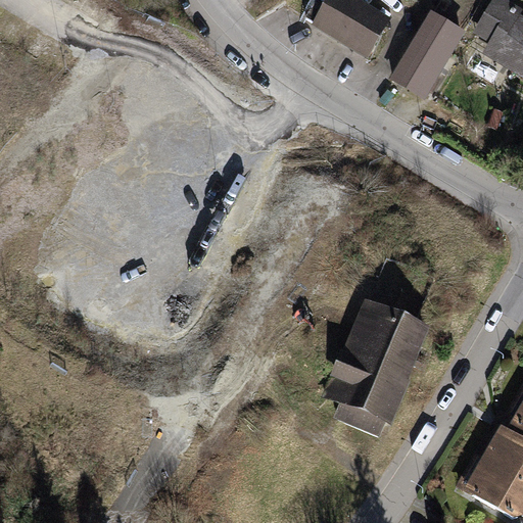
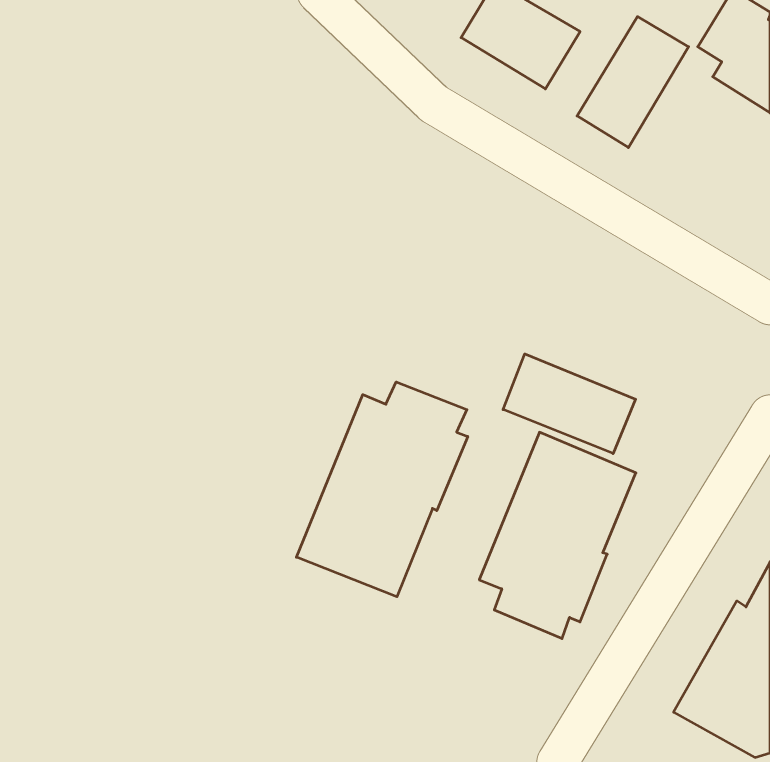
building: none -> [503,354,636,454]
building: none -> [296,382,468,597]

